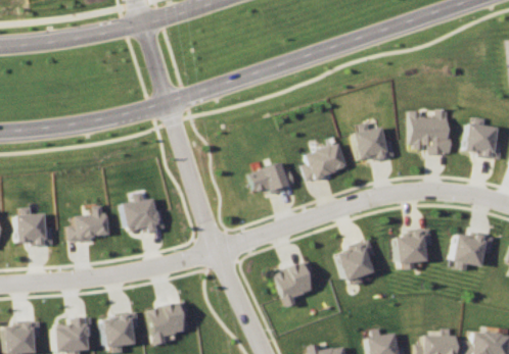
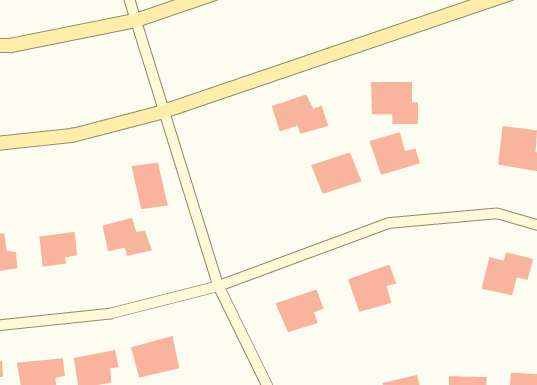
building: [413,116,455,153] -> [370,82,419,125]
building: none -> [131,162,168,210]
building: [249,161,299,196] -> [271,94,329,134]
building: [395,230,435,268] -> none

